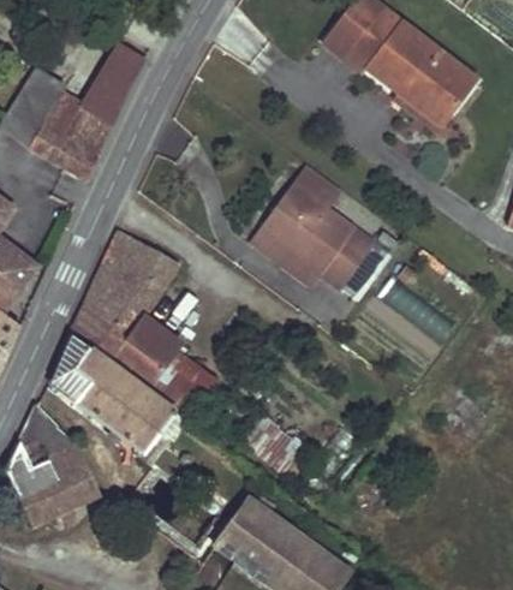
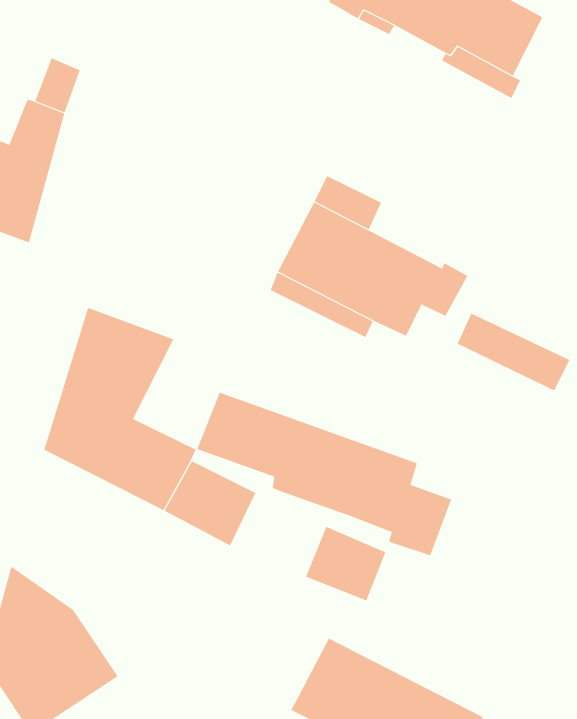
building: none -> [197,392,452,556]
building: [49,334,175,457] -> none

